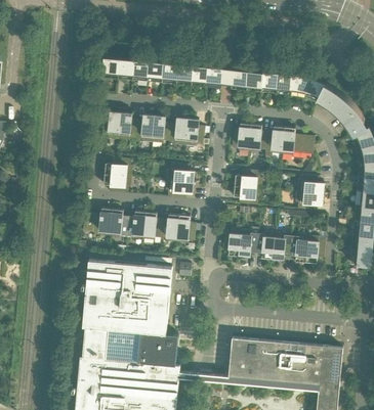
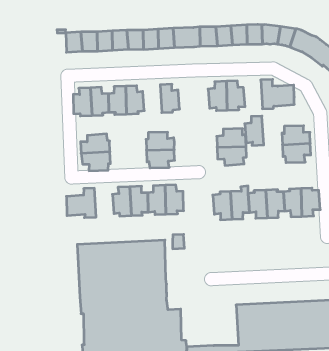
building: [170,118,189,145] -> none
building: [266,126,285,154] -> [245,116,264,145]
building: [111,209,129,237] -> none

